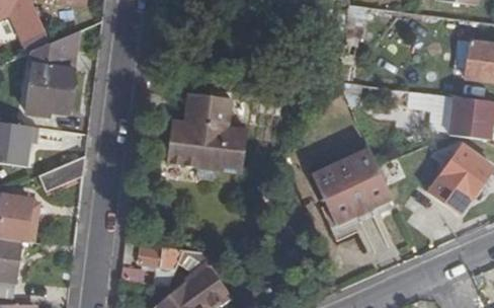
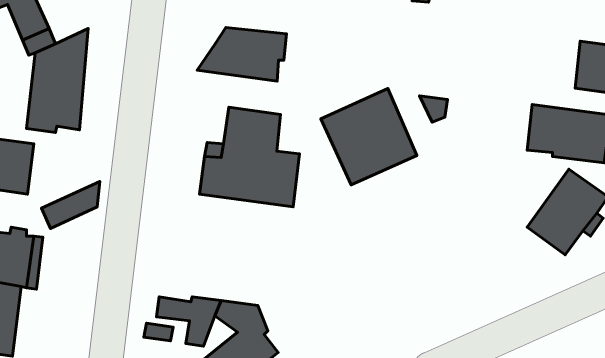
building: none -> [197,28,286,81]
building: [314,146,391,223] -> [321,89,417,185]

